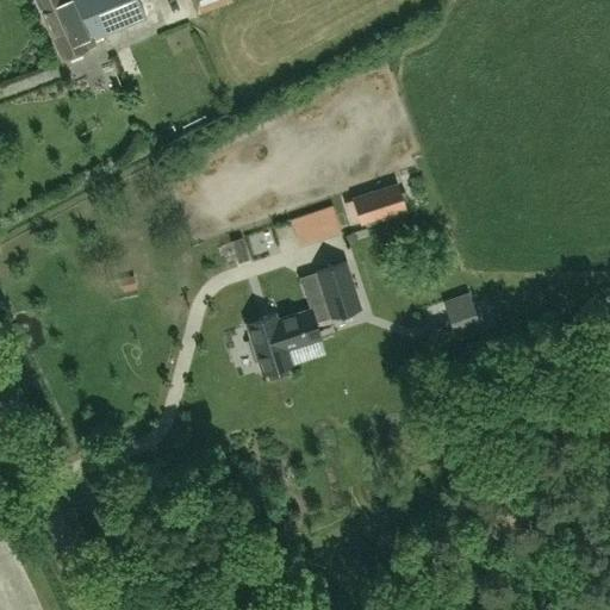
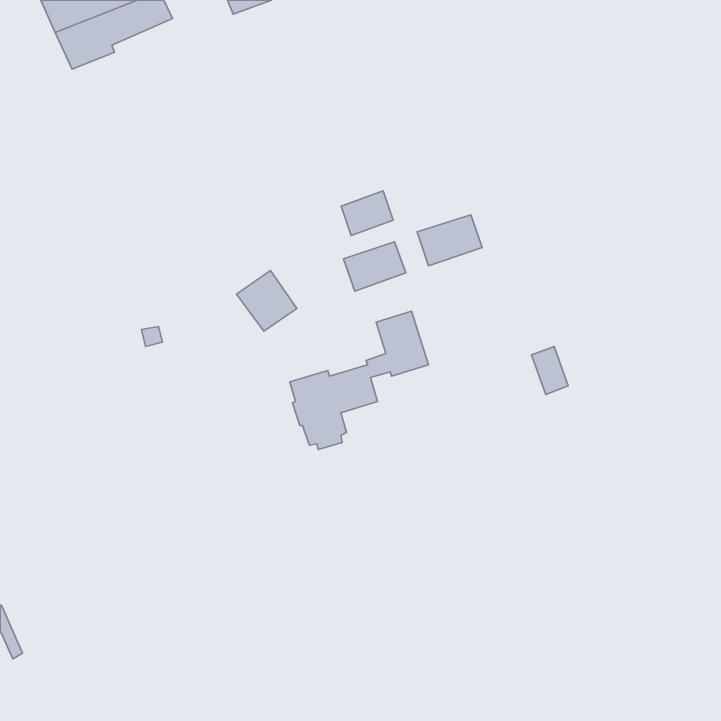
building: none -> [341,191,393,235]
building: none -> [237,271,297,331]

